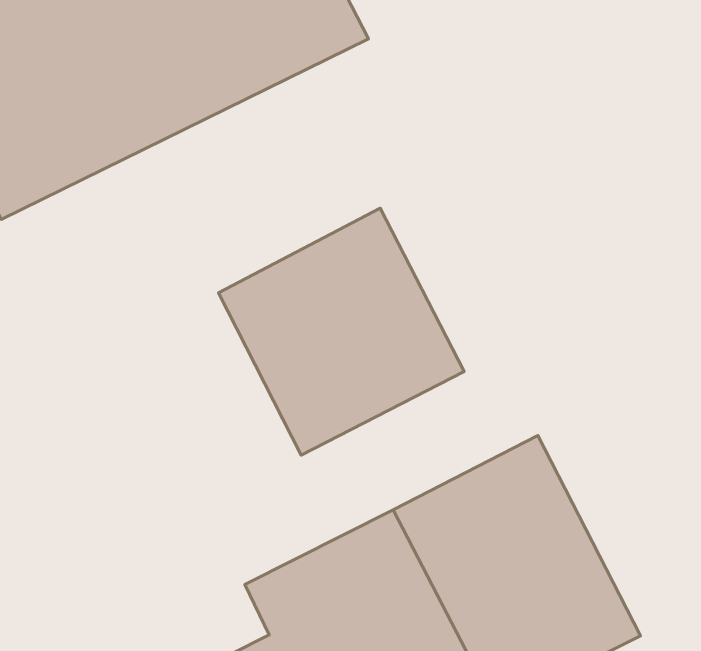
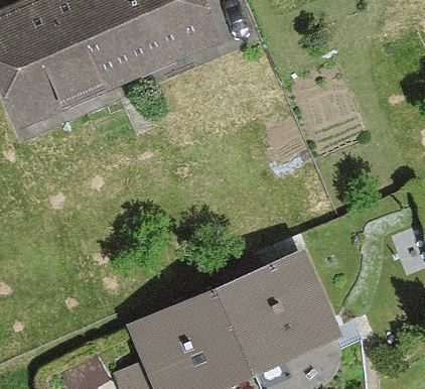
building: [219,208,464,455] -> none

